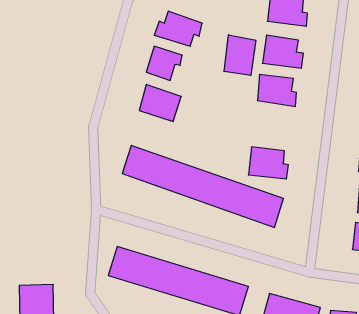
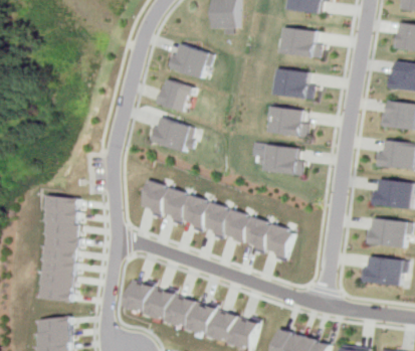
building: [224,35,256,75] -> none
building: [248,147,288,179] -> [265,144,305,176]
building: none -> [34,199,74,302]

